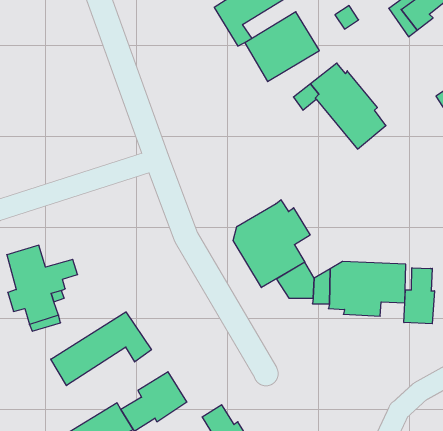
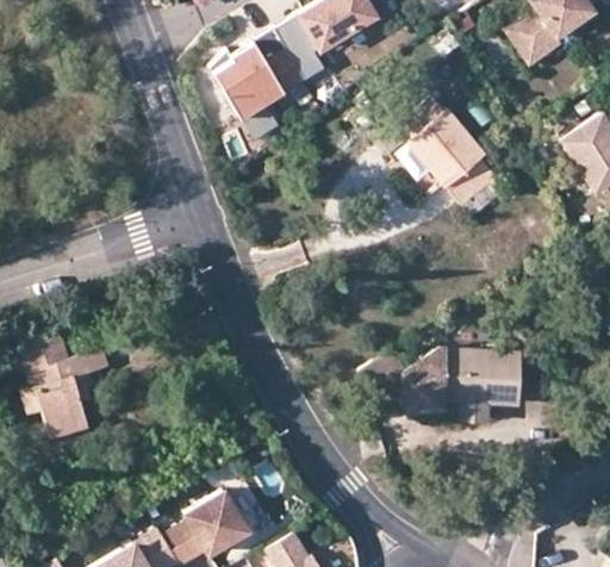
building: [245,12,319,82] -> [218,30,312,118]
building: [233,200,310,288] -> none
building: [404,268,434,324] -> none
building: [51,312,151,386] -> none

